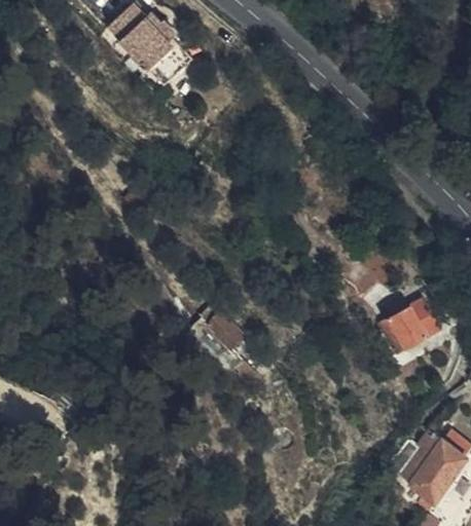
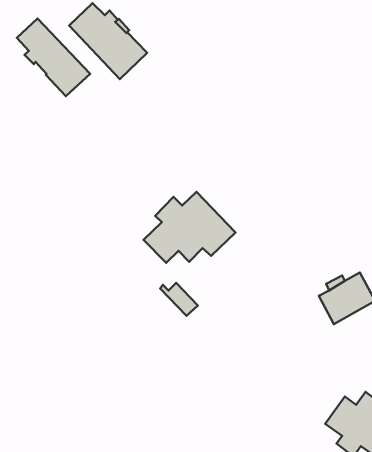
building: none -> [17,18,90,96]
building: none -> [144,192,235,263]

